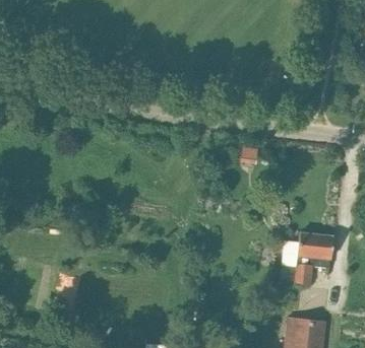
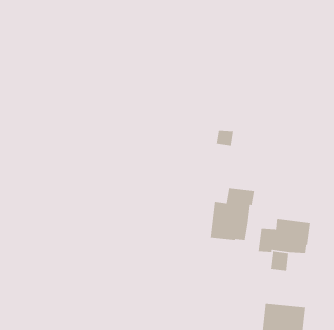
building: none -> [210,188,255,241]

